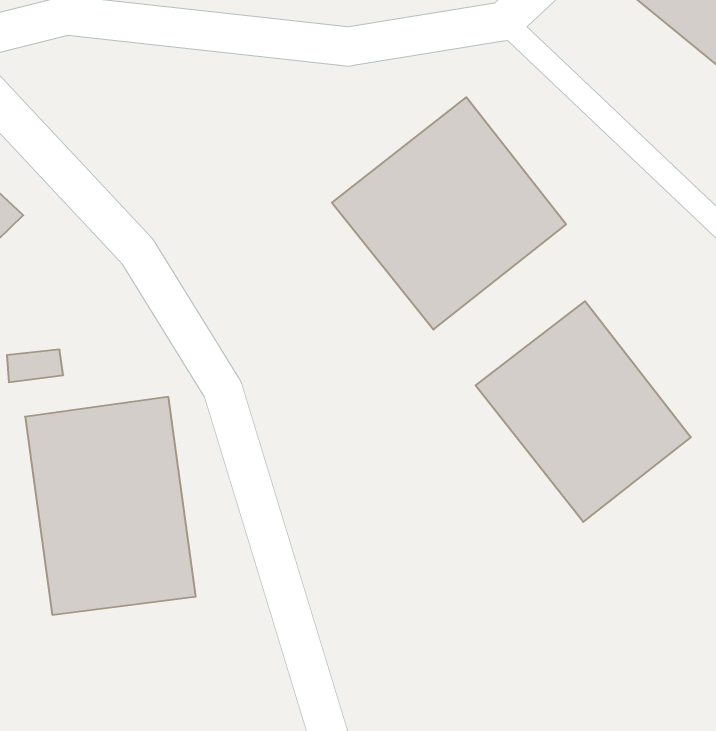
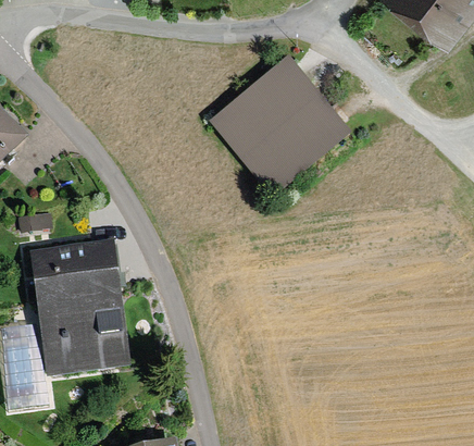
building: [476,301,691,522] -> none

